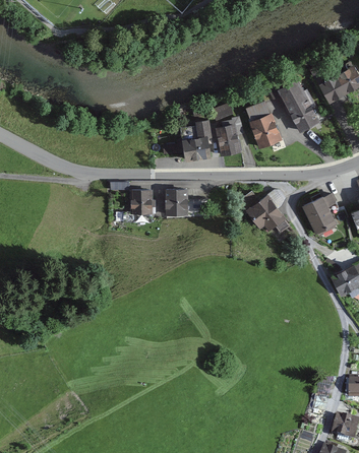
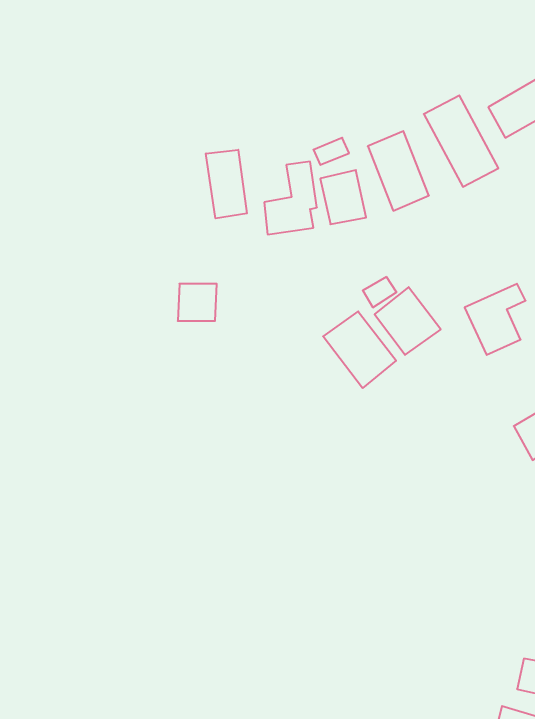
building: none -> [206,150,247,218]
building: [165,188,190,215] -> none
building: none -> [323,311,396,388]

